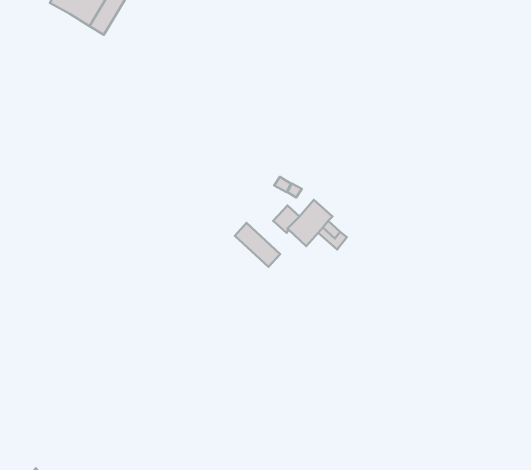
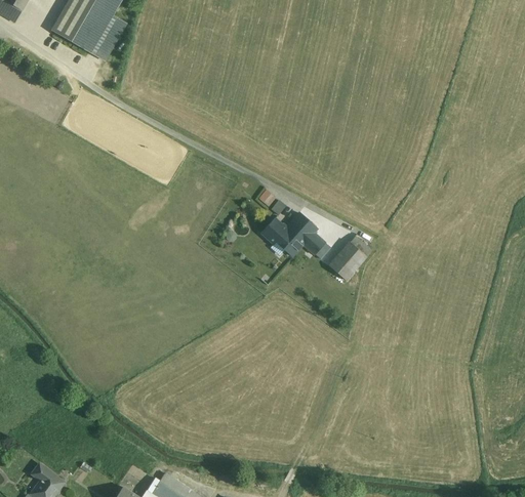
building: [235,223,280,267] -> none
building: none -> [328,236,373,283]

